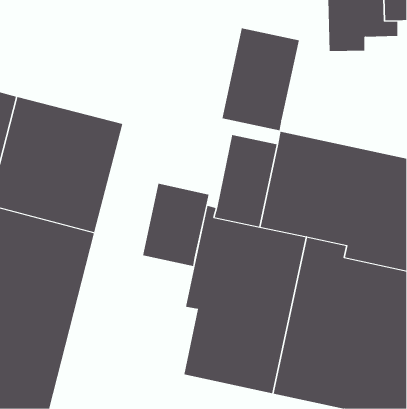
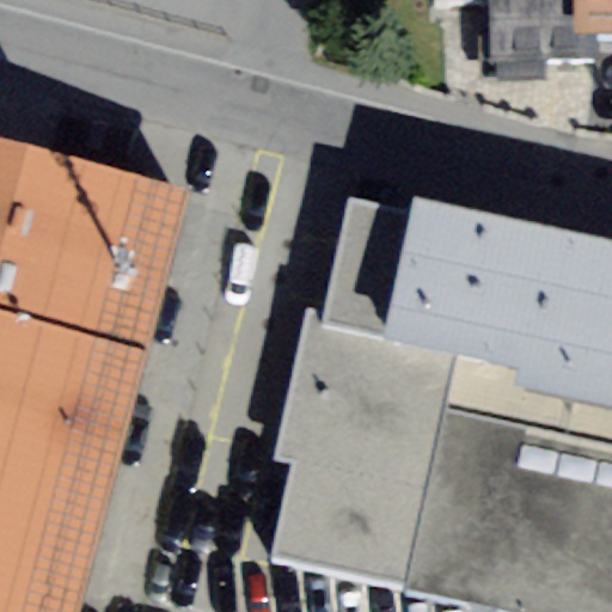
building: [222,27,299,131] -> none
building: [143,183,209,267] -> none

